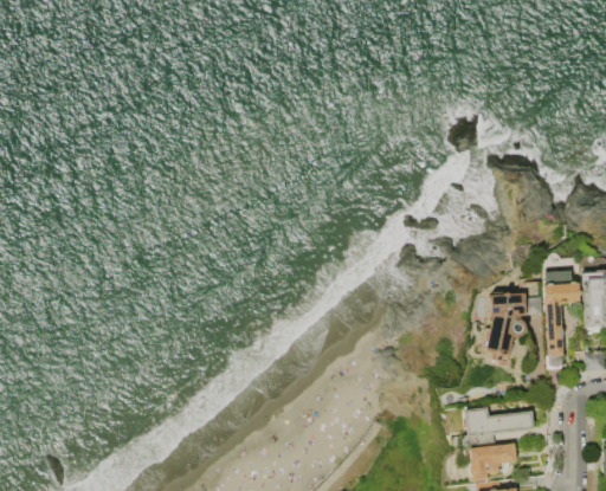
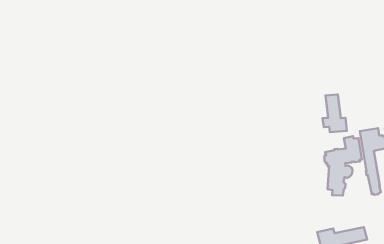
building: none -> [323,94,347,132]

